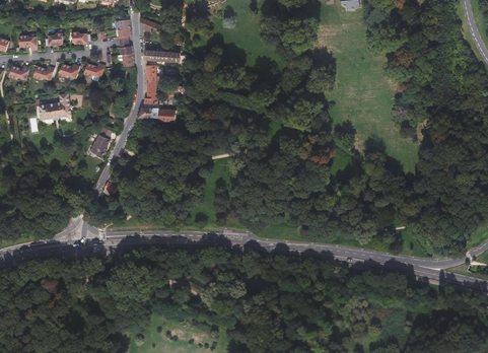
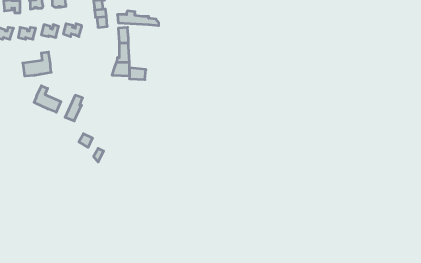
building: none -> [34,86,61,112]

